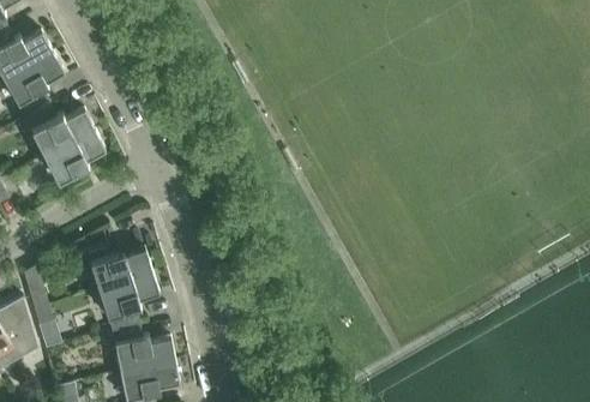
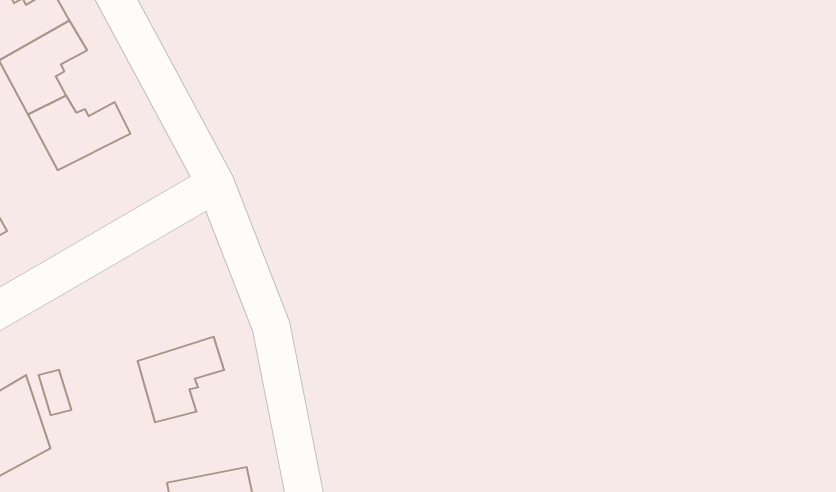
building: [43,131,104,186] -> none
building: [88,250,151,288] -> none
building: [110,323,174,372] -> none

